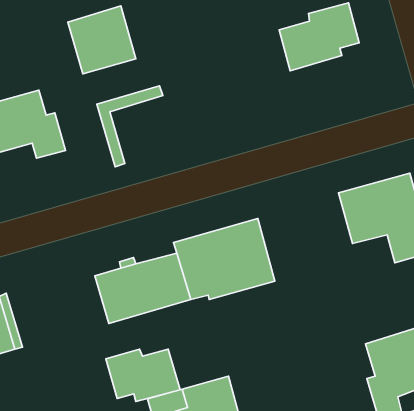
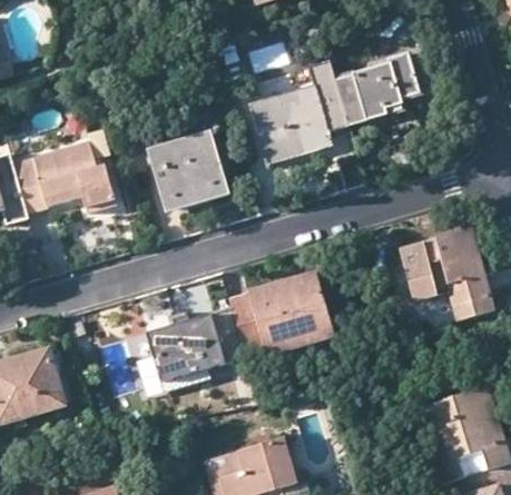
building: [68,6,136,74] -> [161,146,232,216]
building: none -> [248,55,356,160]
building: [106,349,180,402] -> none

